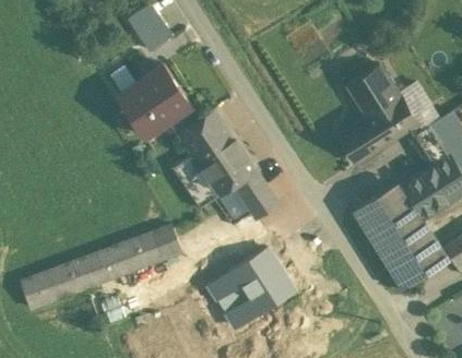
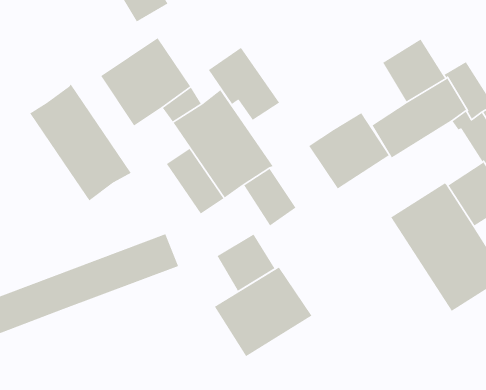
building: none -> [208,47,280,121]
building: none -> [29,83,132,201]
building: none -> [308,112,390,190]
building: none -> [216,234,275,292]

